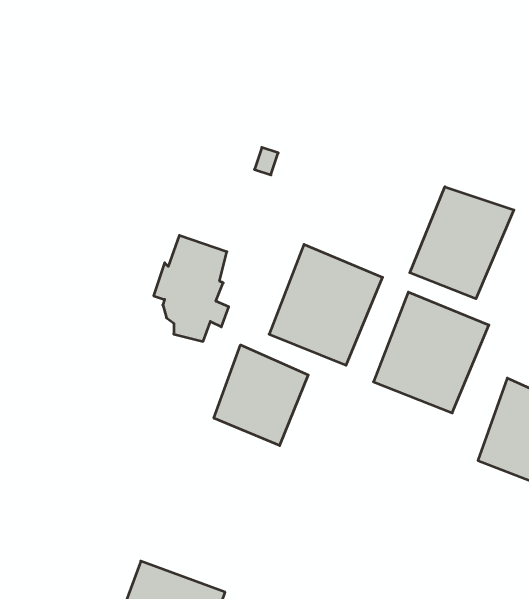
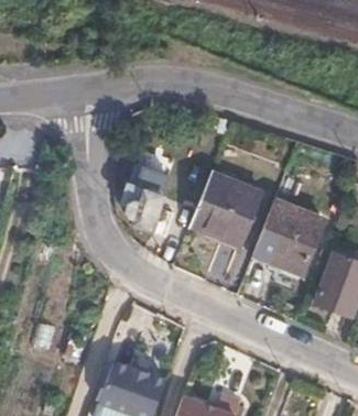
building: [410,187,514,299] -> none
building: [214,345,308,446] -> none

